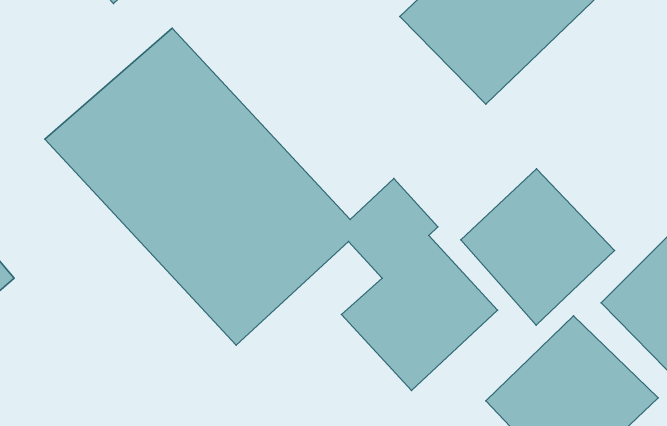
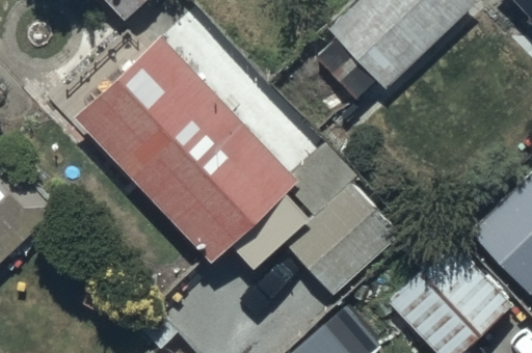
building: [461,169,615,325] -> none

